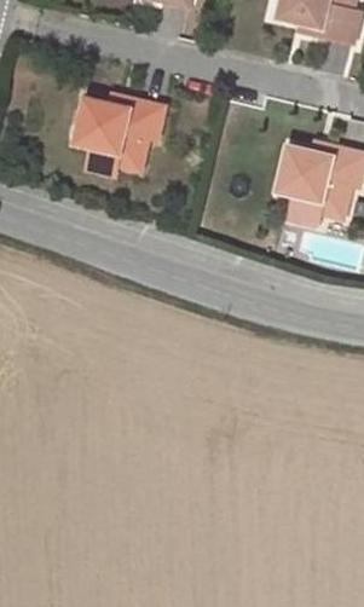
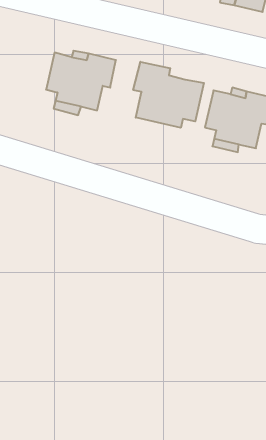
building: none -> [133,62,204,128]

